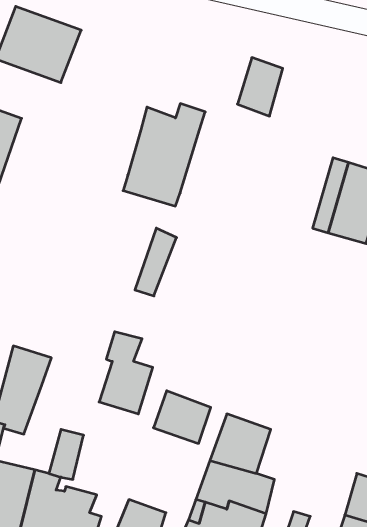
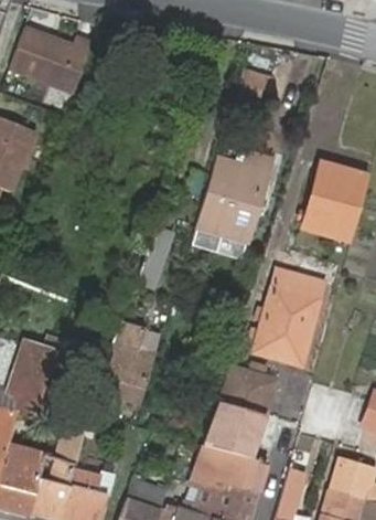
building: [123,104,205,206] -> [193,151,269,246]
building: none -> [256,272,322,365]
building: [153,391,211,443] -> [222,367,275,415]

